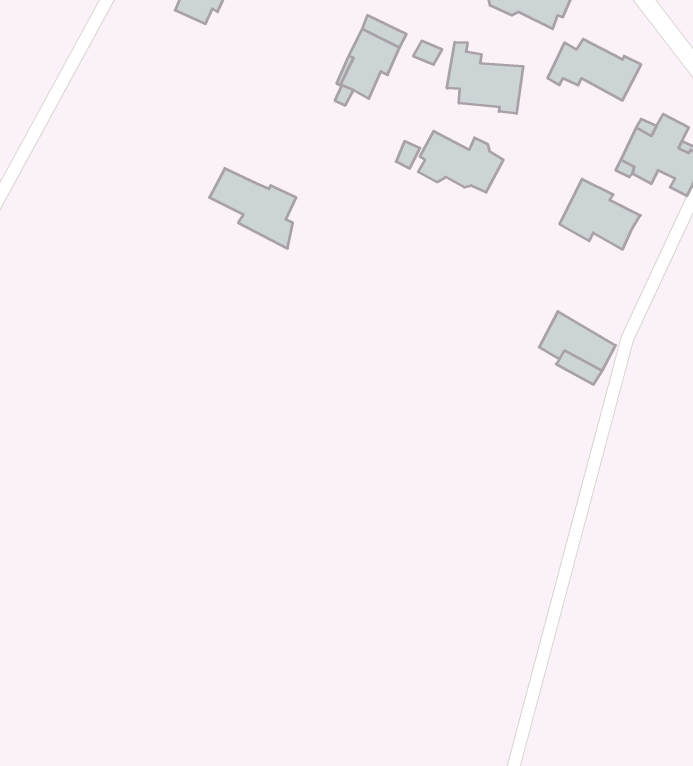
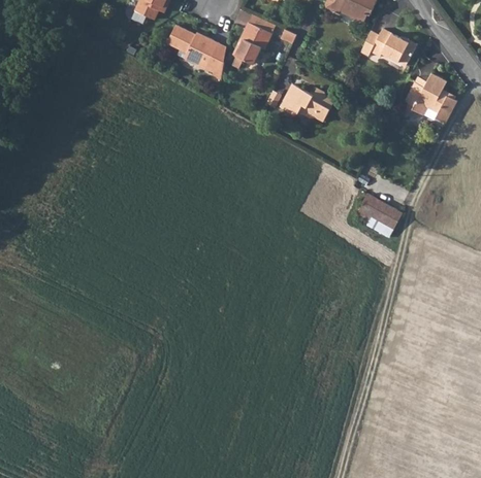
building: [447,42,523,114] -> none
building: [209,168,296,248] -> [165,25,218,73]
building: [560,179,641,249] -> none

